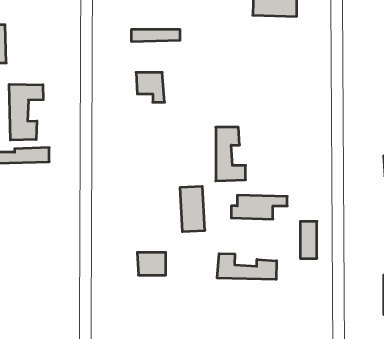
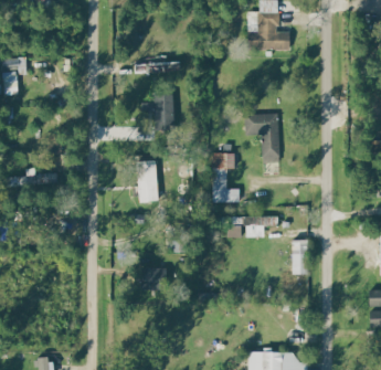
building: [9,84,43,140] -> none
building: none -> [246,113,281,160]
building: [180,186,205,232] -> [136,160,159,202]
building: [217,254,277,279] -> none

